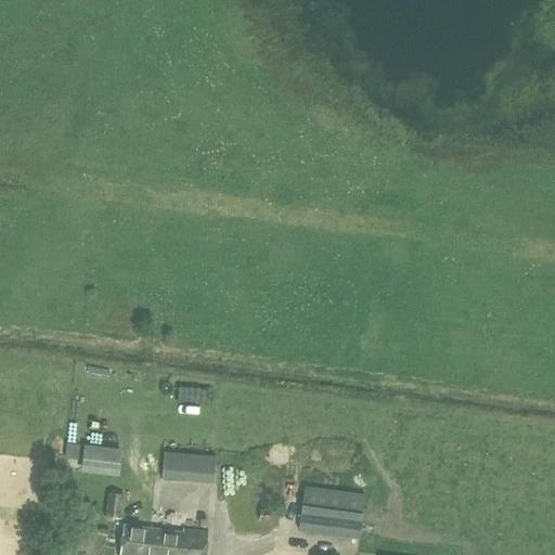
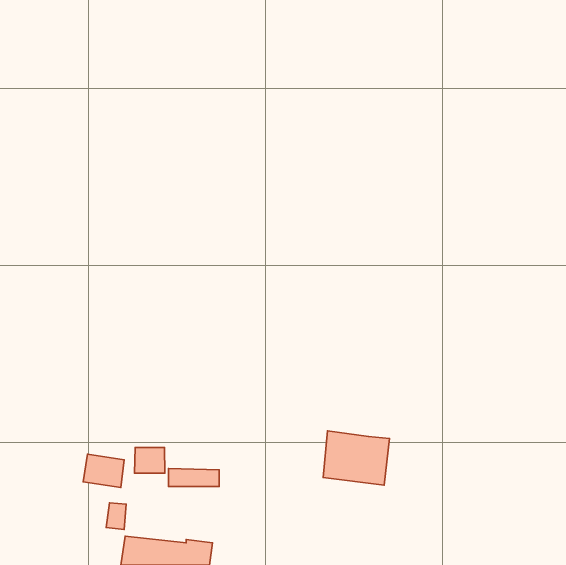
building: none -> [135,448,165,473]
building: [300,486,365,539] -> [323,431,390,485]

